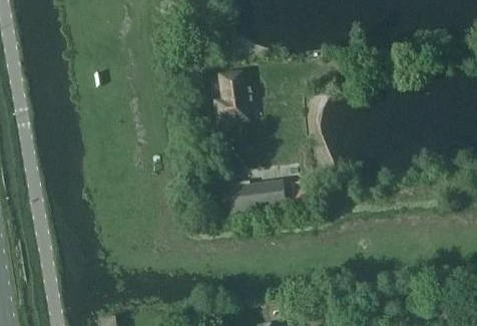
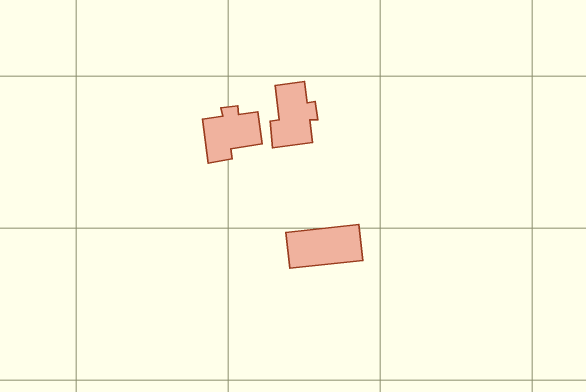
building: none -> [202,106,262,163]

